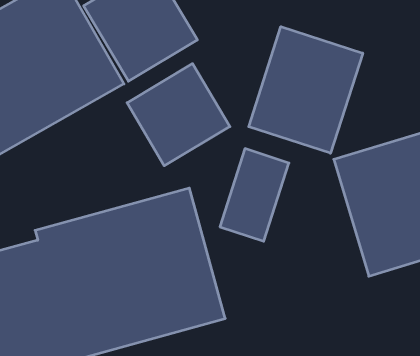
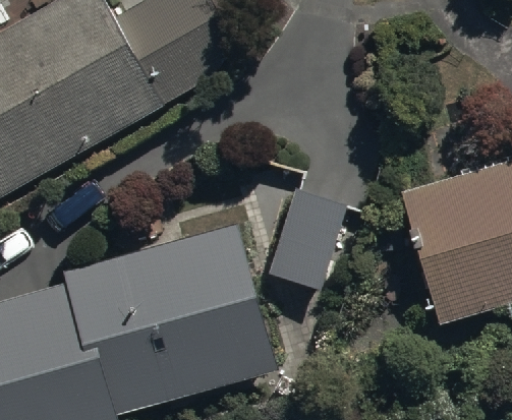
building: [249,27,363,153] -> none
building: [127,64,230,166] -> none

